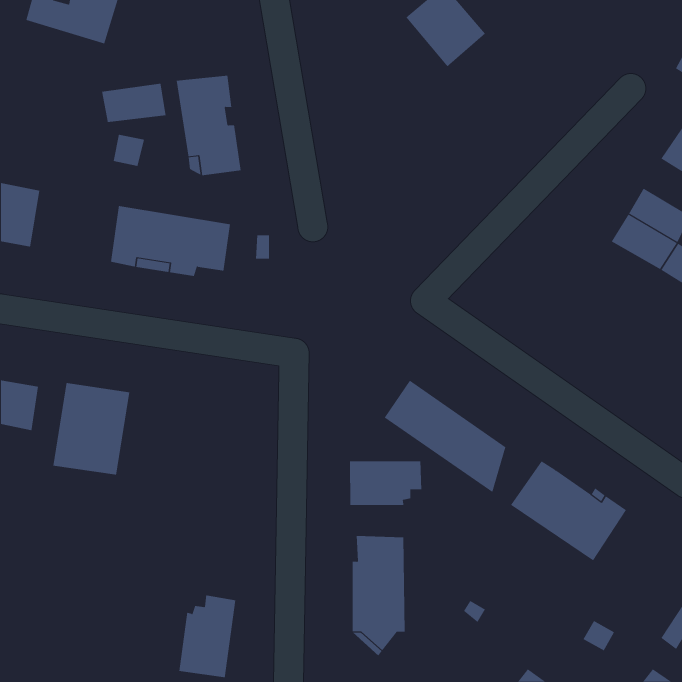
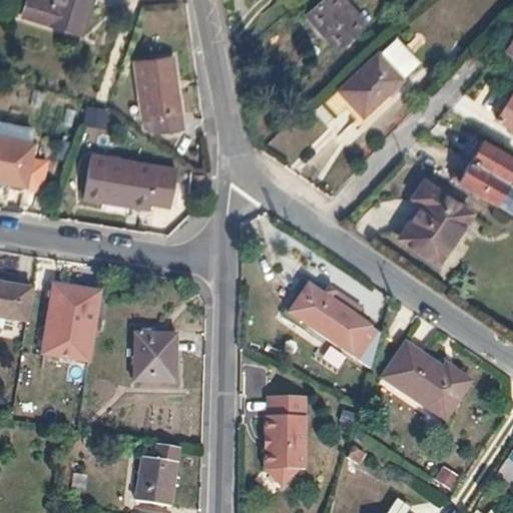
building: none -> [340,37,419,115]
building: [102,83,166,123] -> none
building: none -> [401,181,471,263]
building: none -> [134,334,174,382]
building: [350,460,422,506] -> none

